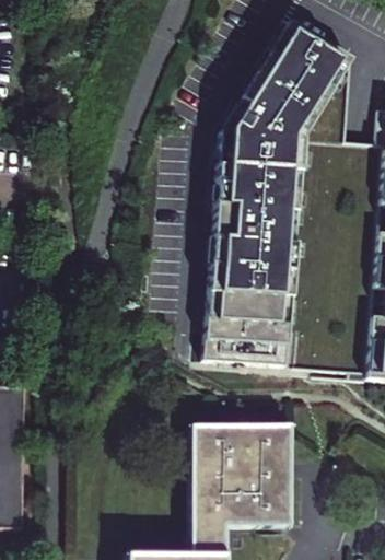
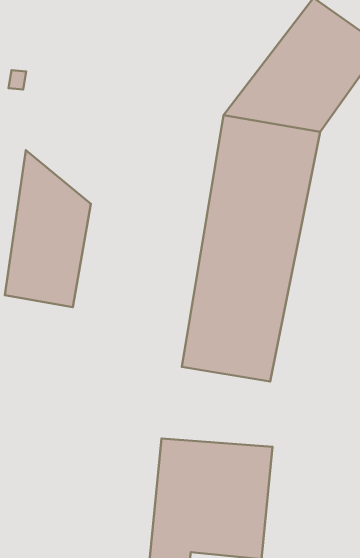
building: none -> [5,150,91,307]

